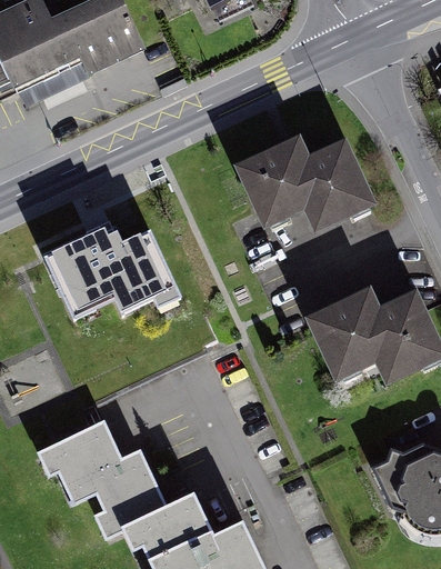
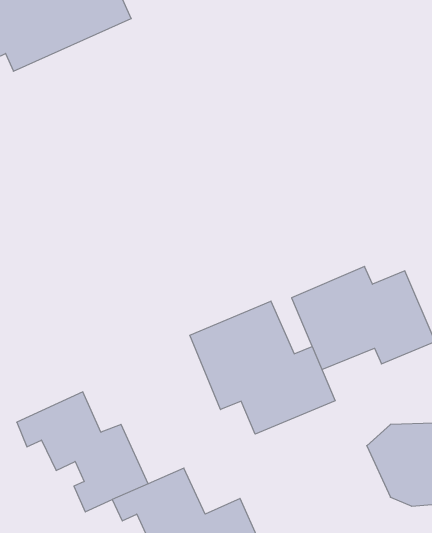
building: [238,131,378,232] -> none
building: [44,230,183,318] -> none
building: none -> [190,301,335,434]

